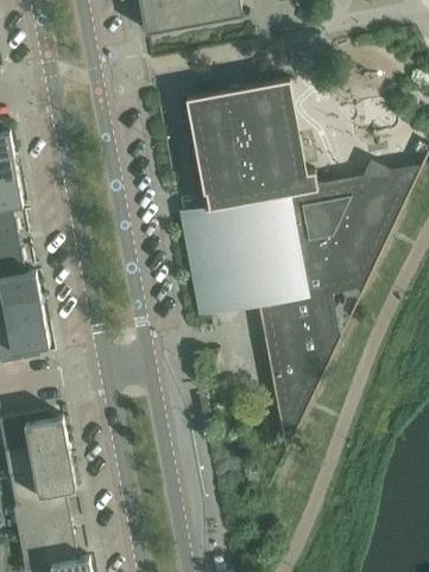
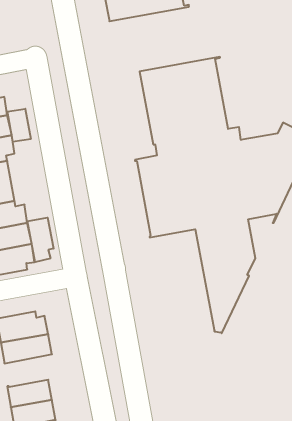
building: none -> [7,109,31,142]
building: none -> [28,218,54,262]
building: [10,465,76,508] -> none

